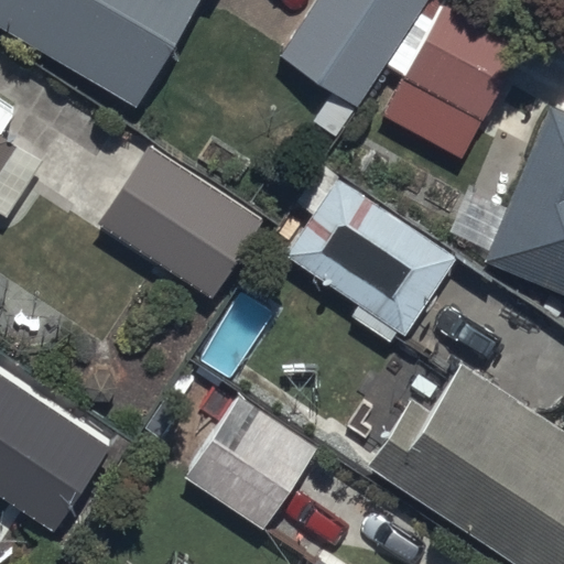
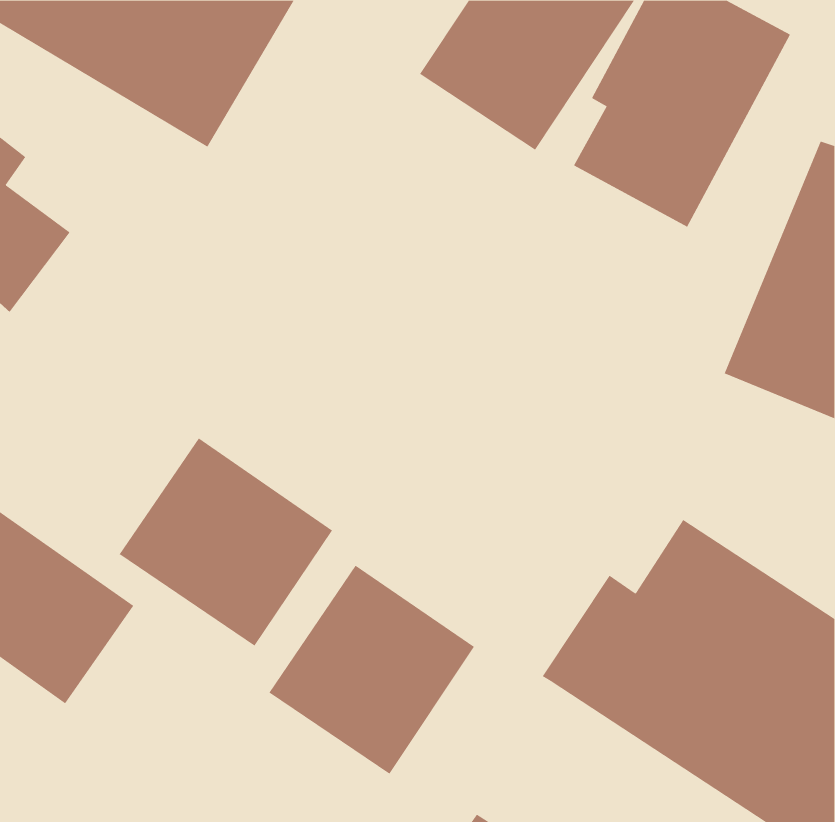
building: [95,144,264,302] -> none
building: [282,159,462,347] -> none
building: none -> [119,437,333,647]

